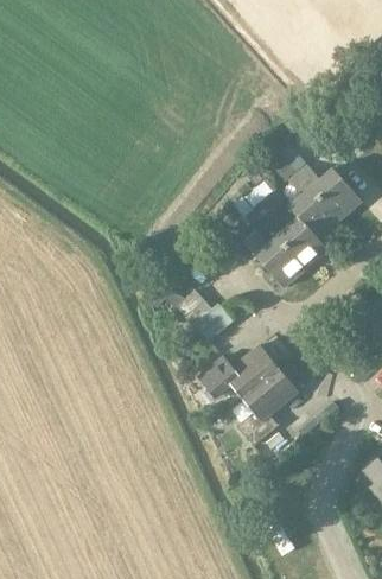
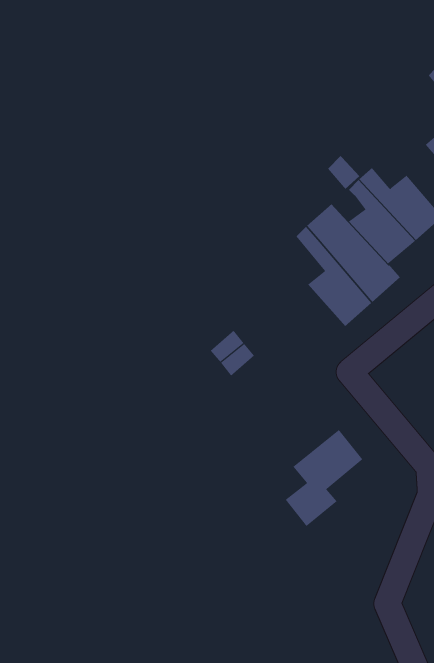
building: [198,346,280,399] -> none

